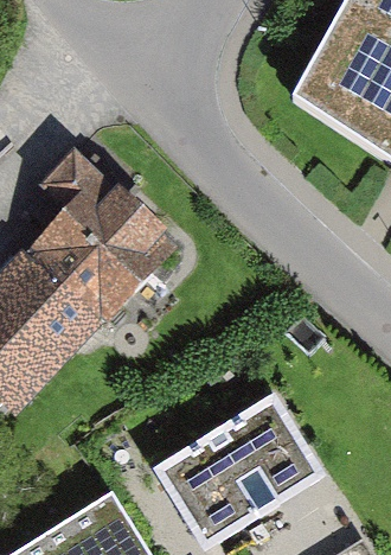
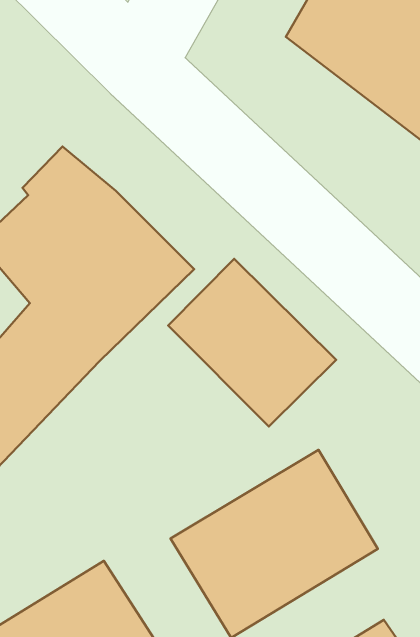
building: none -> [168,259,336,426]

